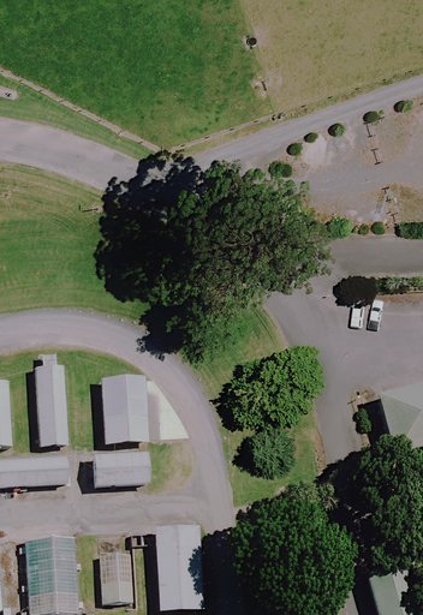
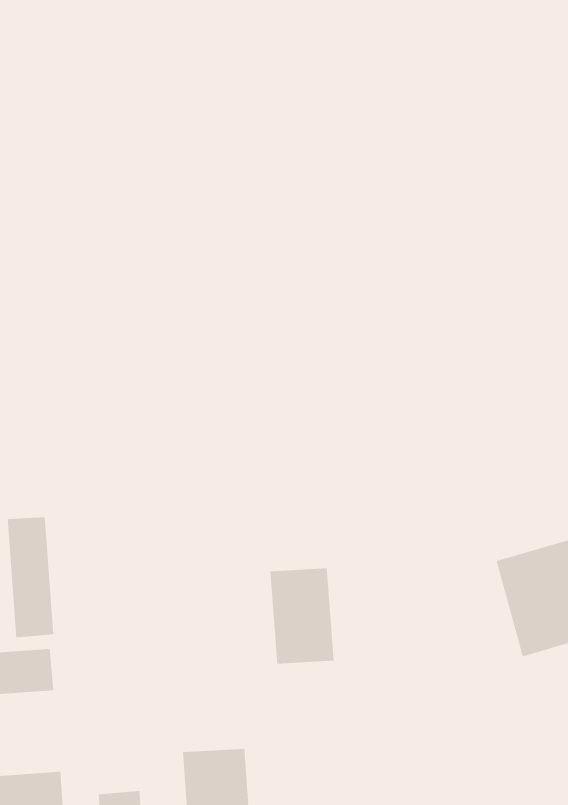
building: [102,377,147,443] -> [270,568,334,664]
building: [93,449,150,485] -> none

